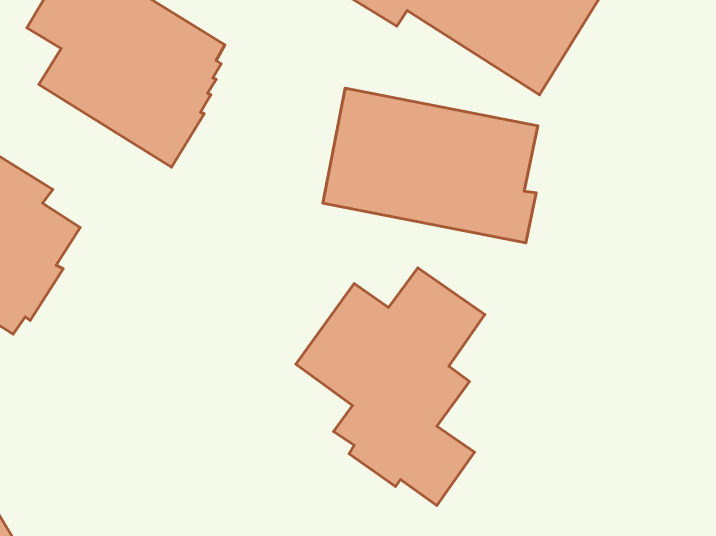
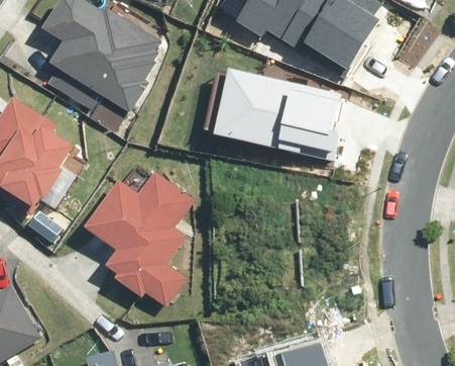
building: [296,268,485,505] -> [83,172,194,311]

